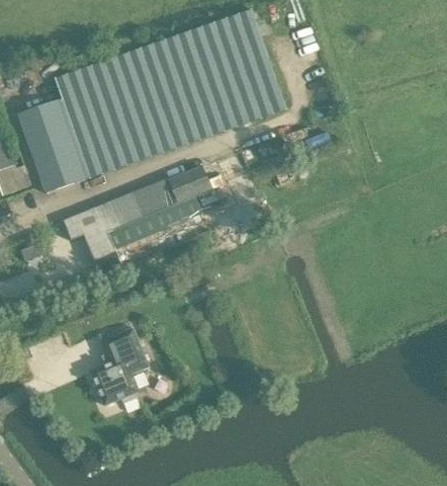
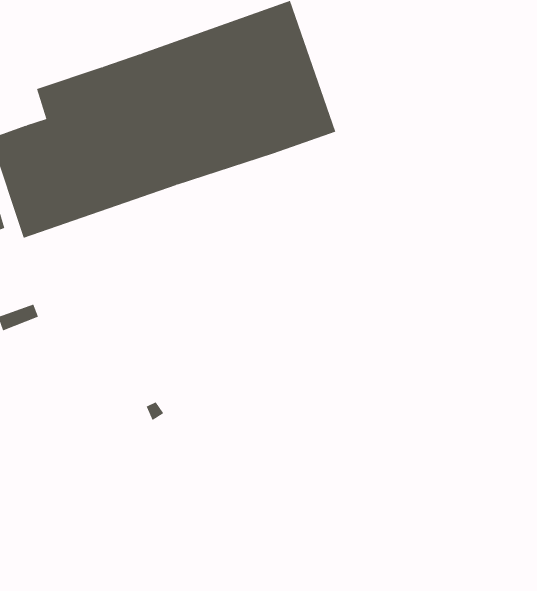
building: [62,164,211,273] -> none
building: [89,326,148,404] -> none

